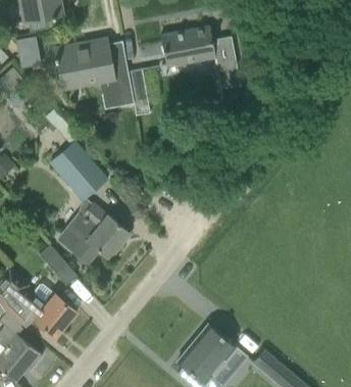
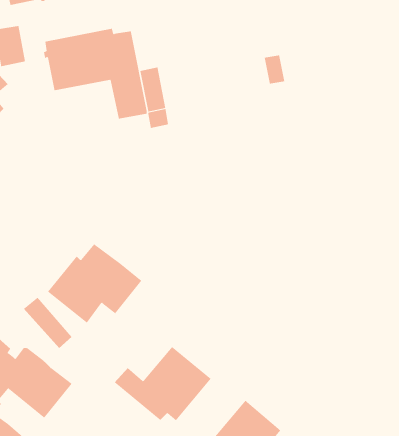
building: [160,27,216,67] -> none
building: [50,141,108,201] -> none
building: none -> [114,346,211,421]

